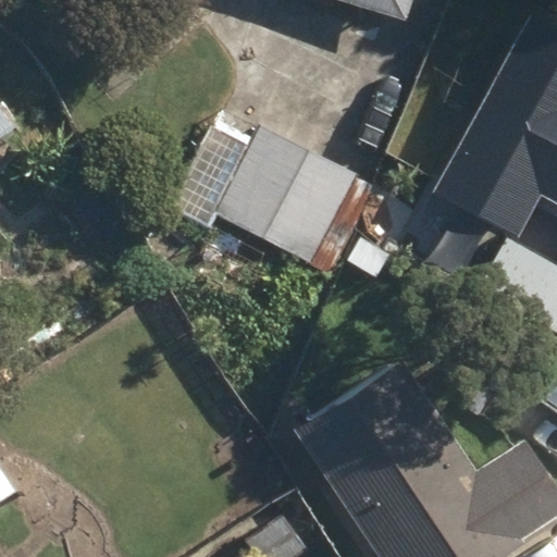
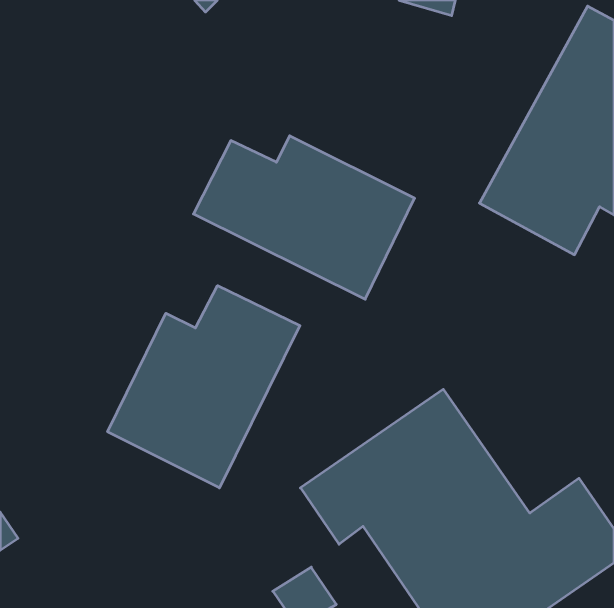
building: none -> [108,286,300,488]

